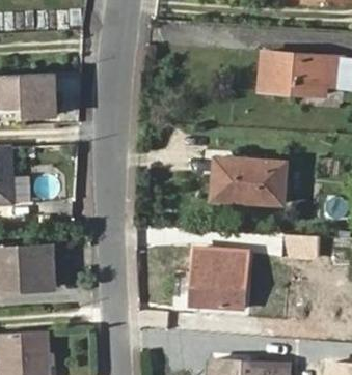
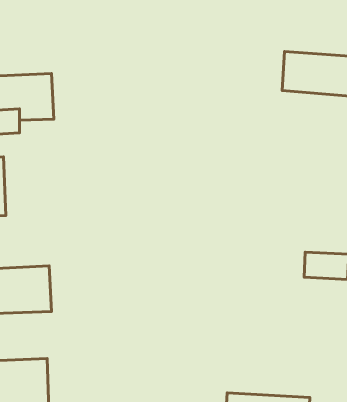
building: [215,158,287,203] -> none
building: [194,252,246,307] -> none

